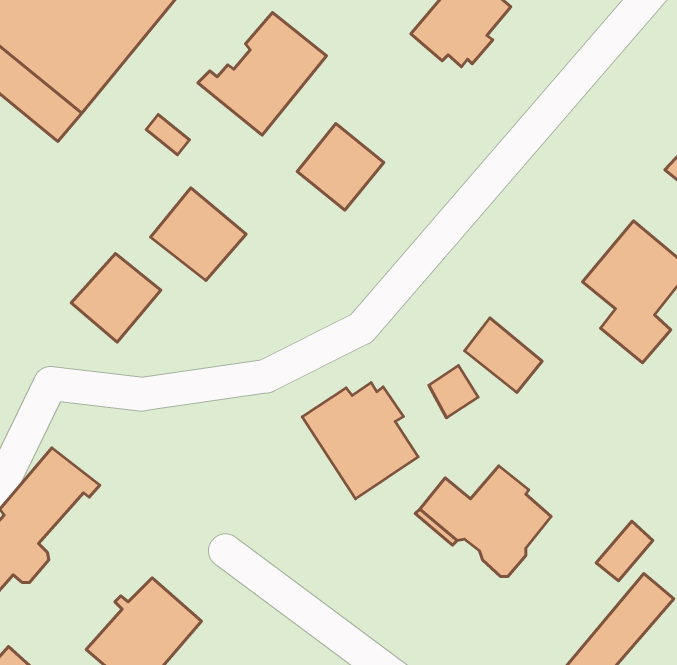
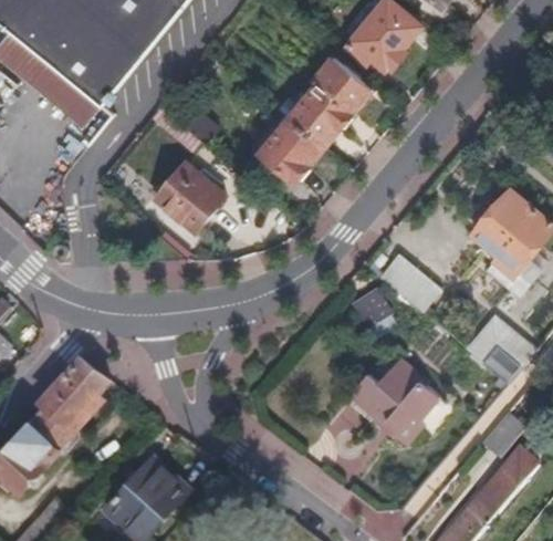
building: [198,12,326,135] -> [277,53,372,144]
building: [71,253,161,342] -> none
building: [302,383,418,499] -> none
building: none -> [468,319,534,384]

